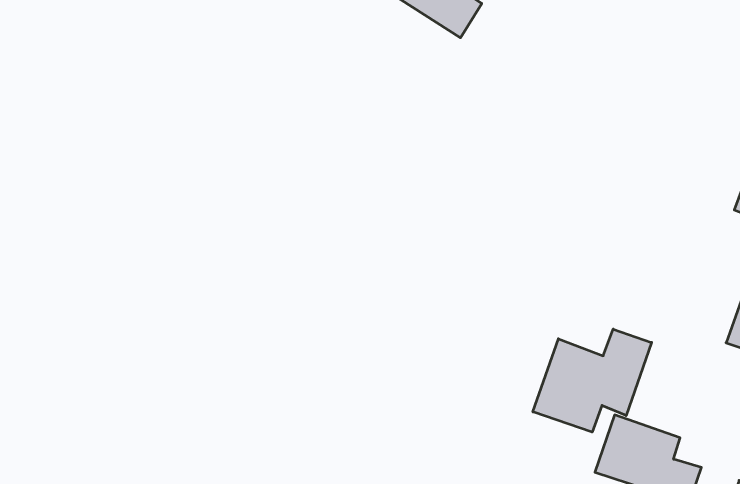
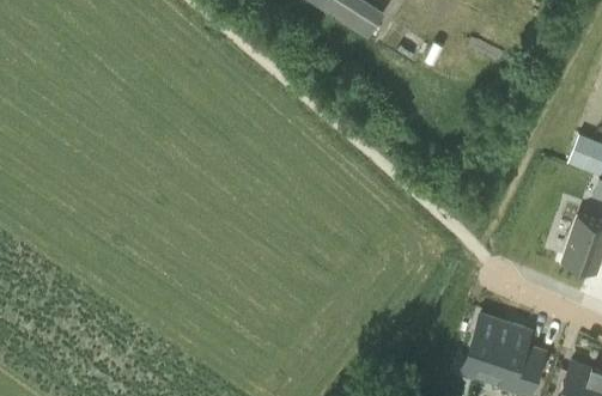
building: [533,329,652,432] -> none

